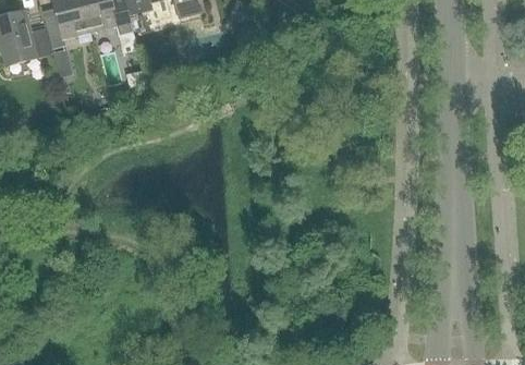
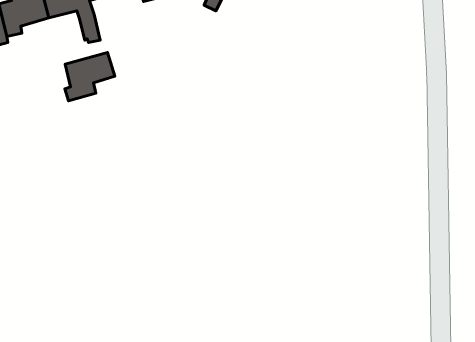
building: none -> [65,53,115,101]

